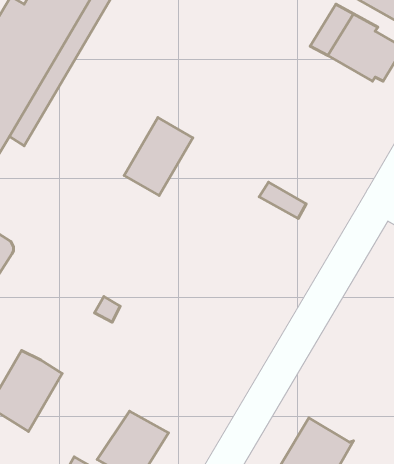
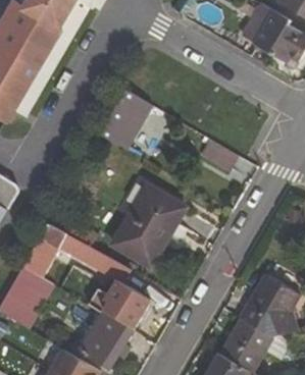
building: none -> [111,185,185,267]
building: none -> [21,222,128,279]
building: none -> [239,275,297,336]
building: none -> [103,291,151,329]

